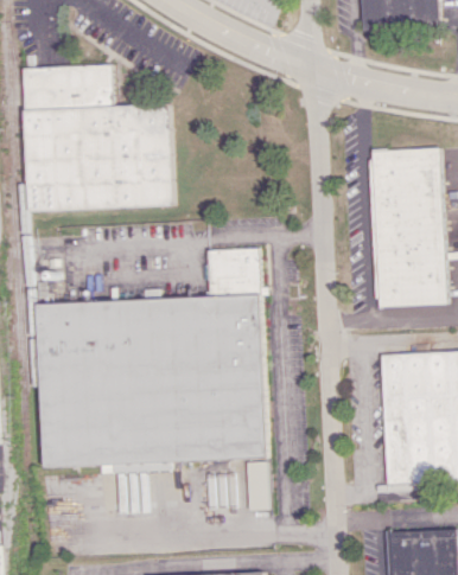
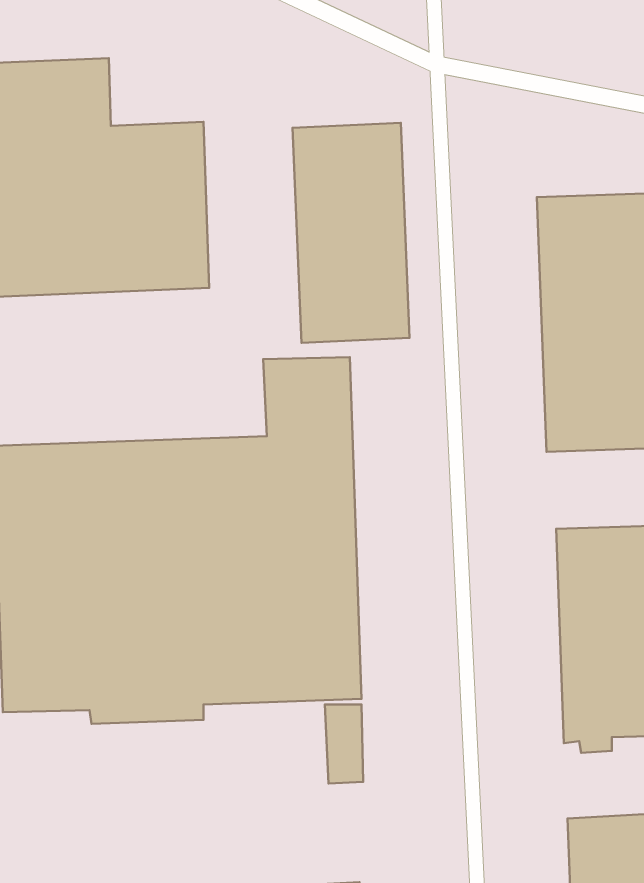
building: none -> [293,123,410,343]

